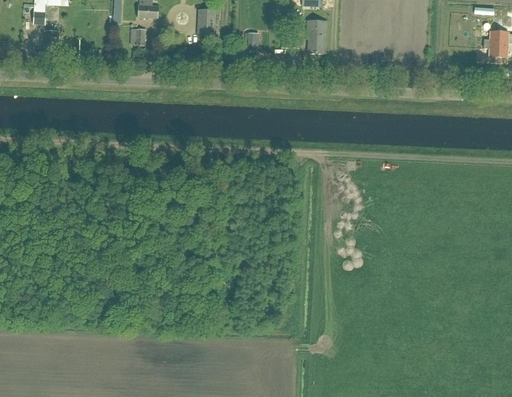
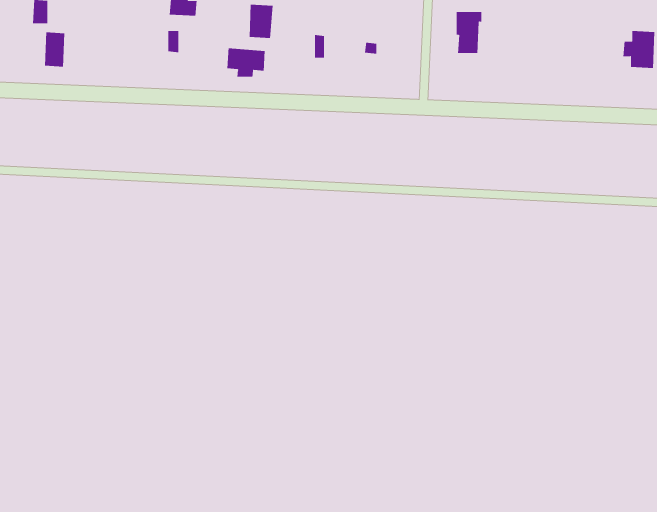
building: [306,21,326,53] -> [456,12,482,54]
building: none -> [227,48,265,78]

